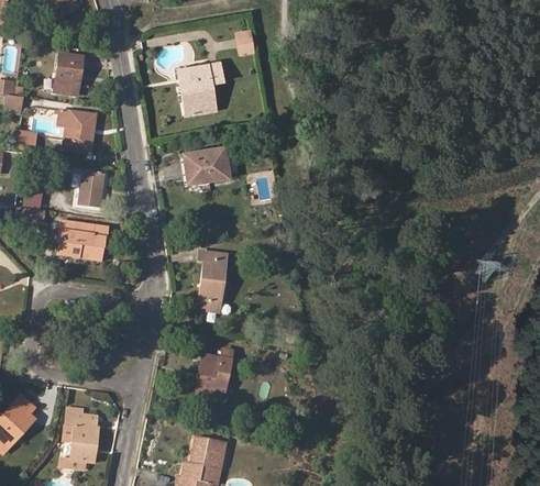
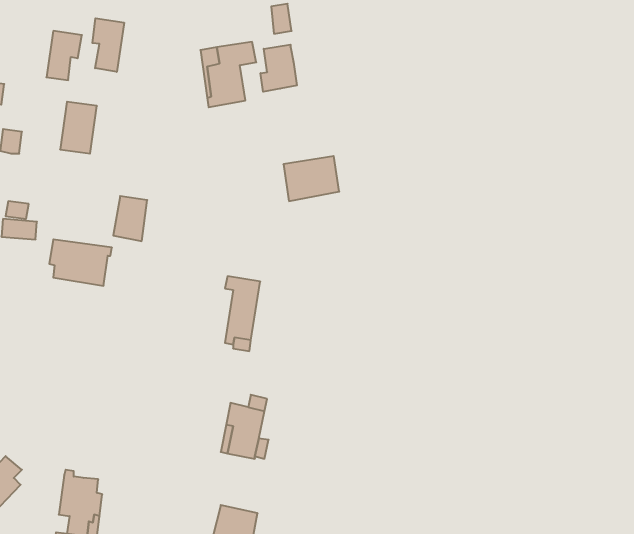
building: none -> [92,18,124,72]
building: none -> [261,45,297,92]
building: [184,145,229,181] -> [283,156,339,201]
building: [77,170,104,207] -> [113,196,147,241]

